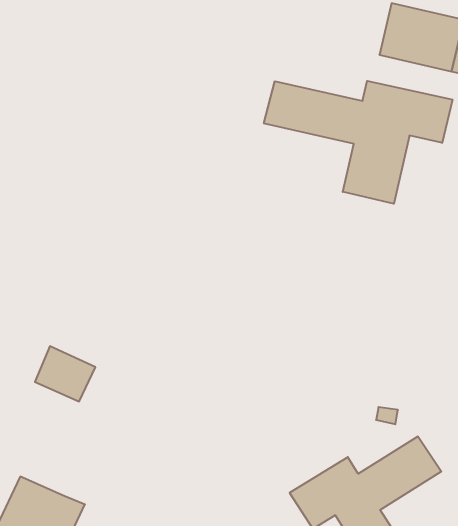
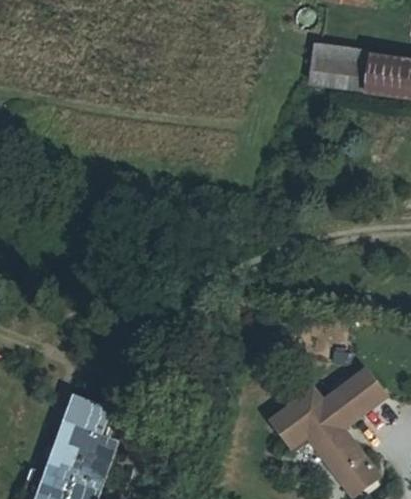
building: [264,81,452,204] -> none
building: [35,346,95,401] -> [64,399,109,439]

